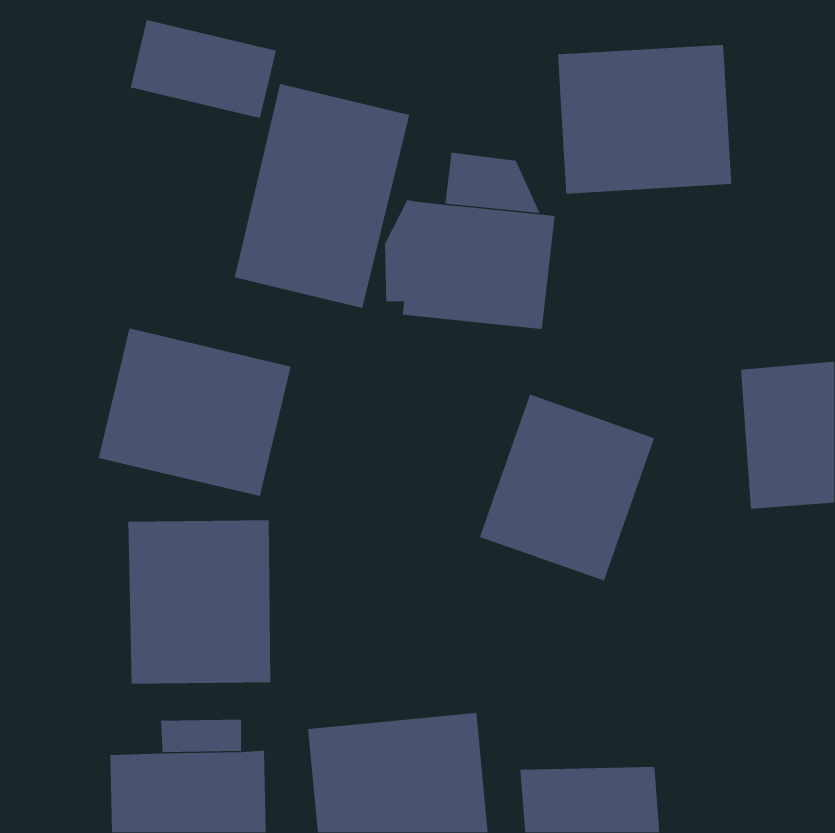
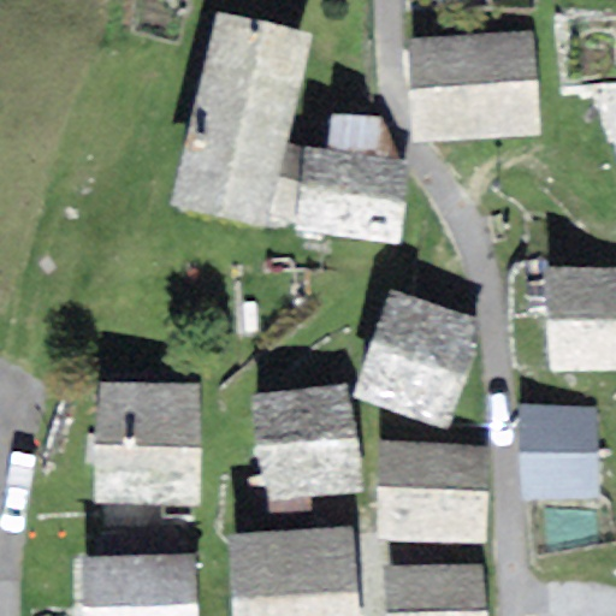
building: [130,19,277,119] -> [206,11,314,84]
building: [98,327,291,497] -> none
building: none -> [249,381,363,504]
building: none -> [519,407,600,499]
building: none -> [375,439,490,543]

